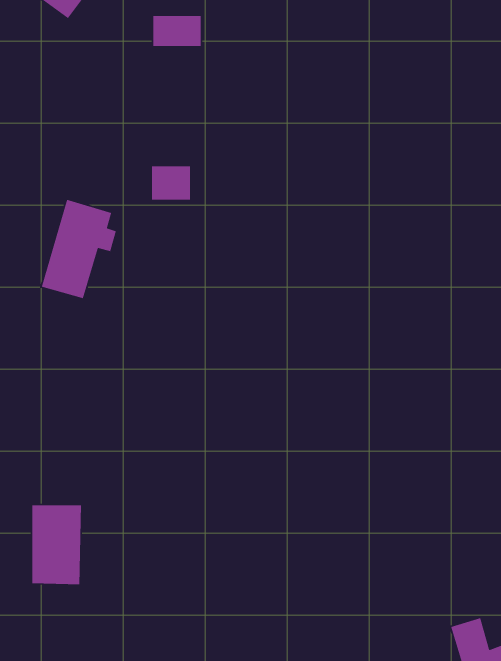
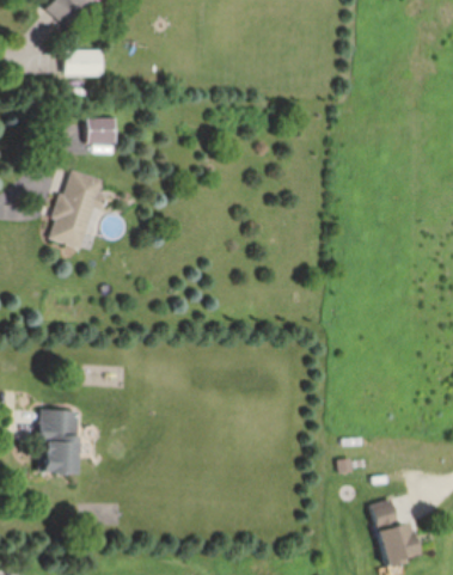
building: [153,15,201,47] -> [63,50,102,75]
building: [151,166,191,201] -> [85,117,116,145]

